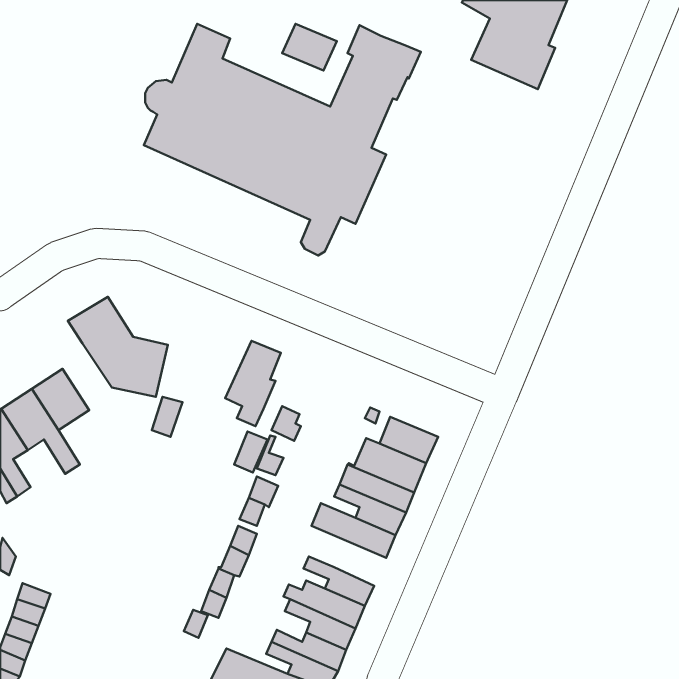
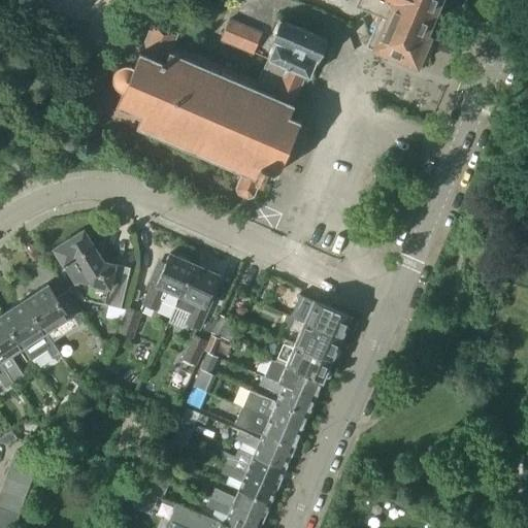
building: none -> [142,254,196,312]
building: none -> [303,301,350,339]
building: none -> [235,408,300,455]

